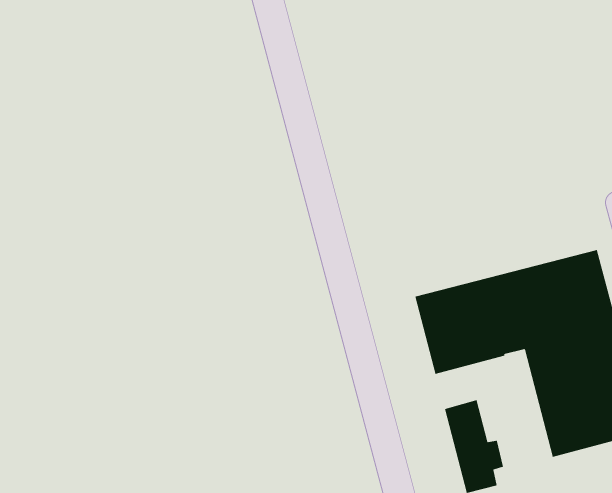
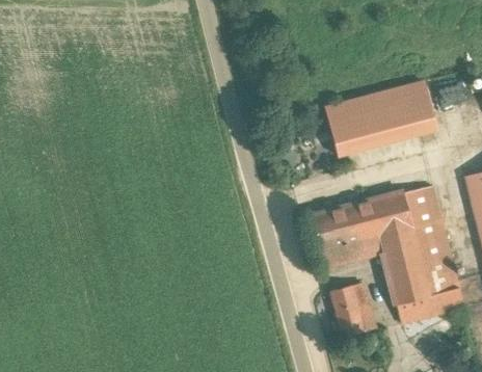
building: none -> [320,80,434,154]

